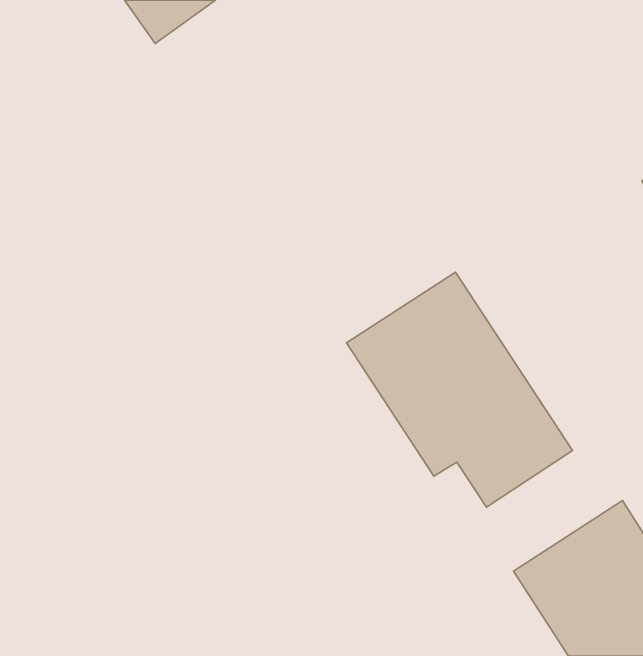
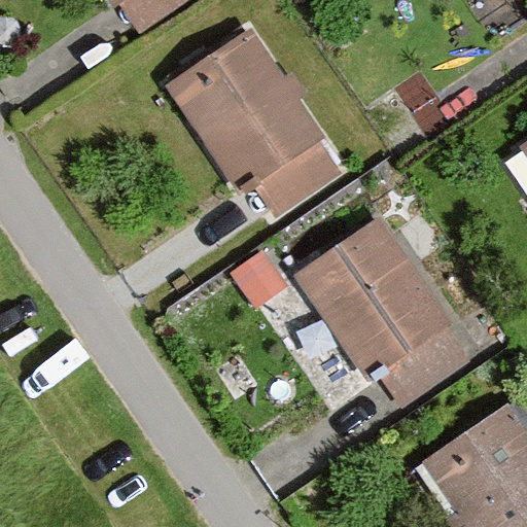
building: none -> [169,29,350,217]

